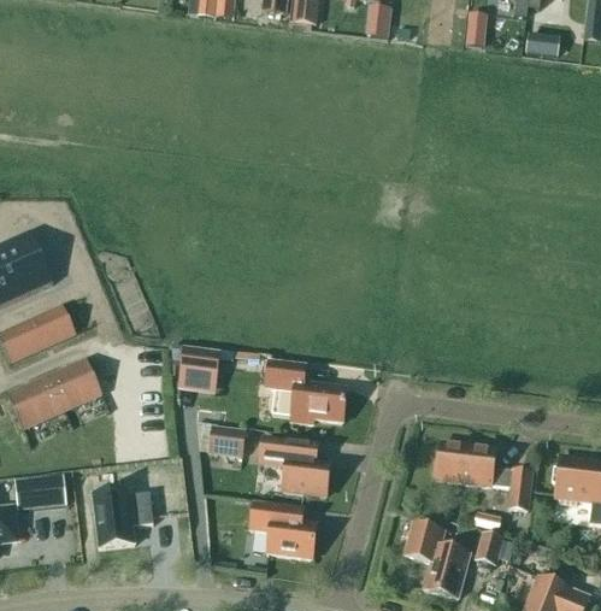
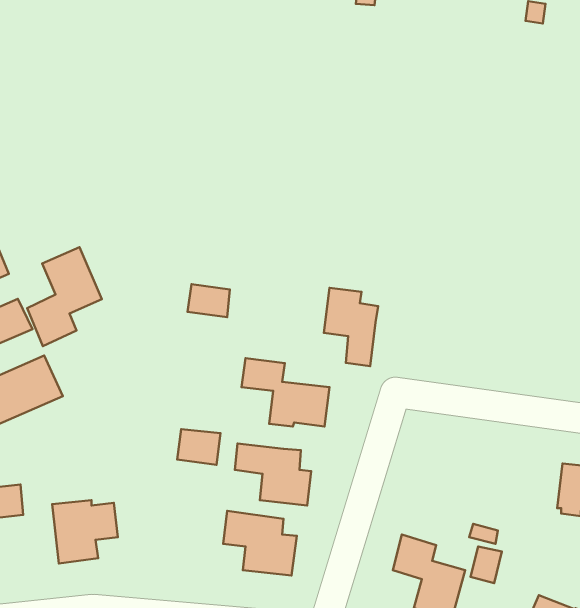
building: none -> [27,247,102,346]
building: none -> [324,288,378,366]
building: [181,348,219,378] -> [188,284,230,317]
building: [436,441,532,509] -> none

